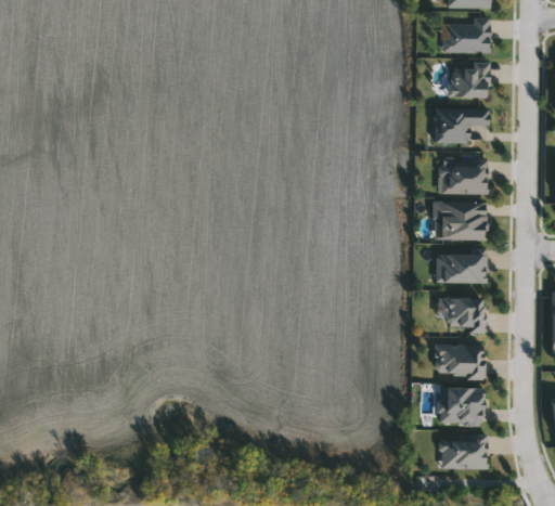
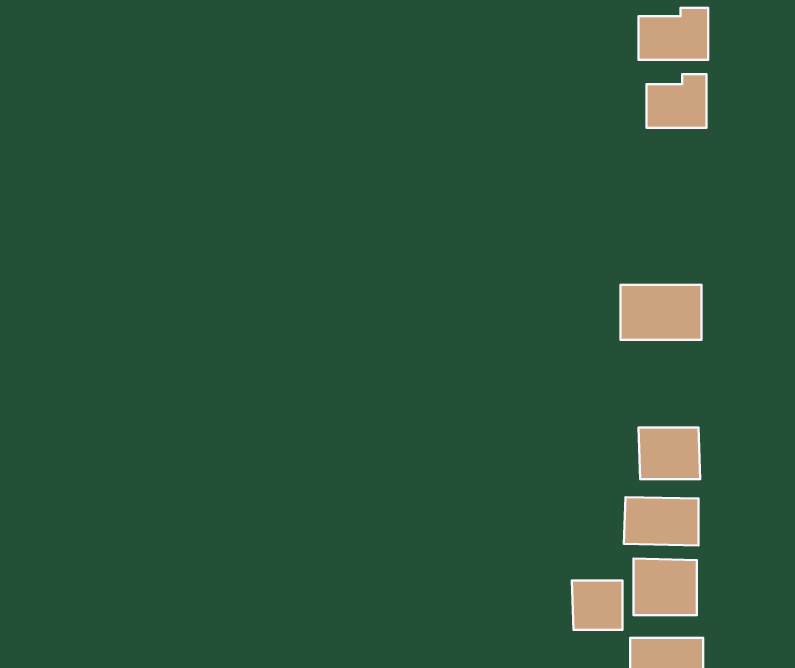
building: [434,108,489,143] -> none
building: [439,158,487,194] -> none
building: [435,254,486,283] -> none
building: none -> [572,580,622,630]

